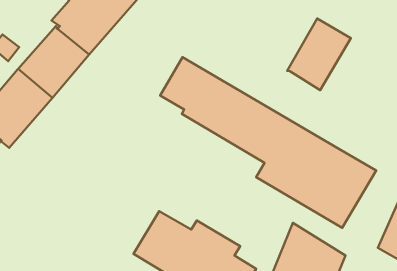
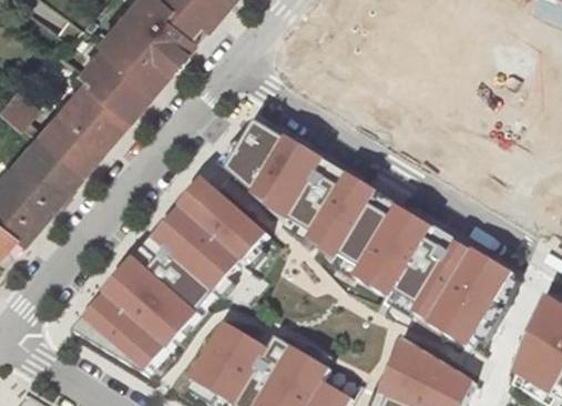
building: [287,18,351,90] -> none
building: none -> [153,181,262,291]
building: none -> [80,256,196,373]

